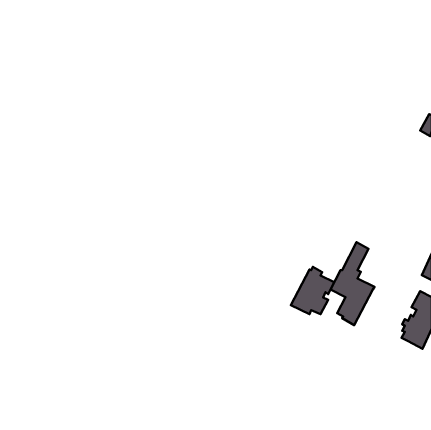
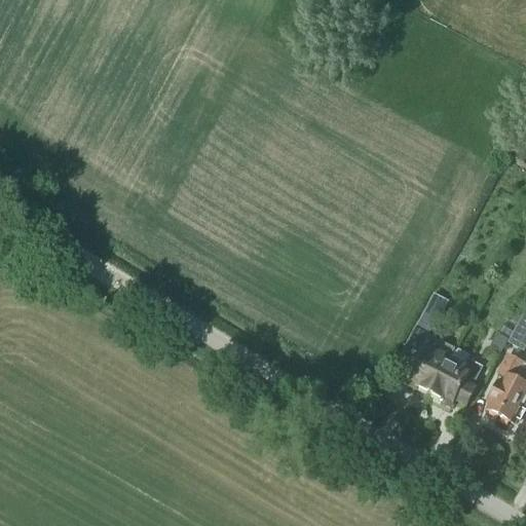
building: [291,267,334,314] -> [431,348,484,406]

